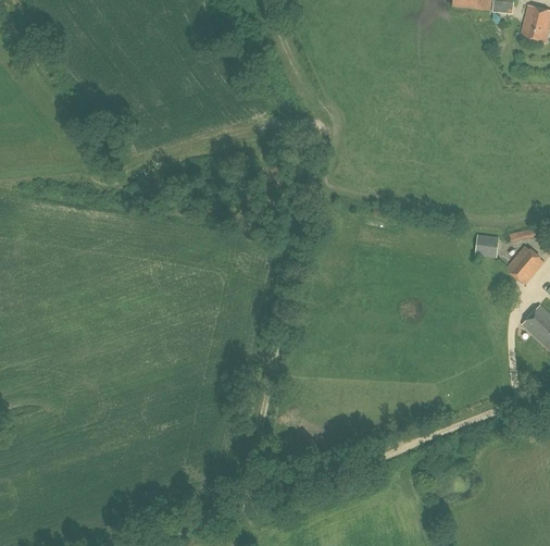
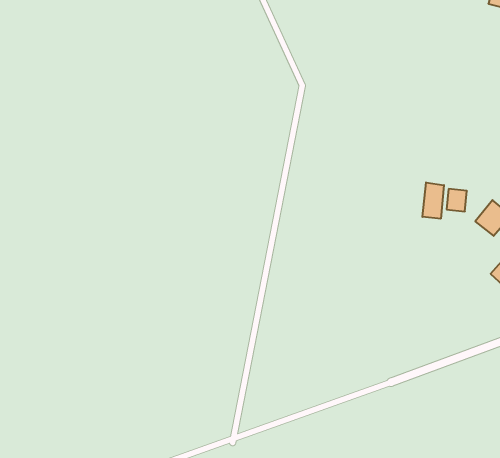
building: none -> [422,182,444,219]

